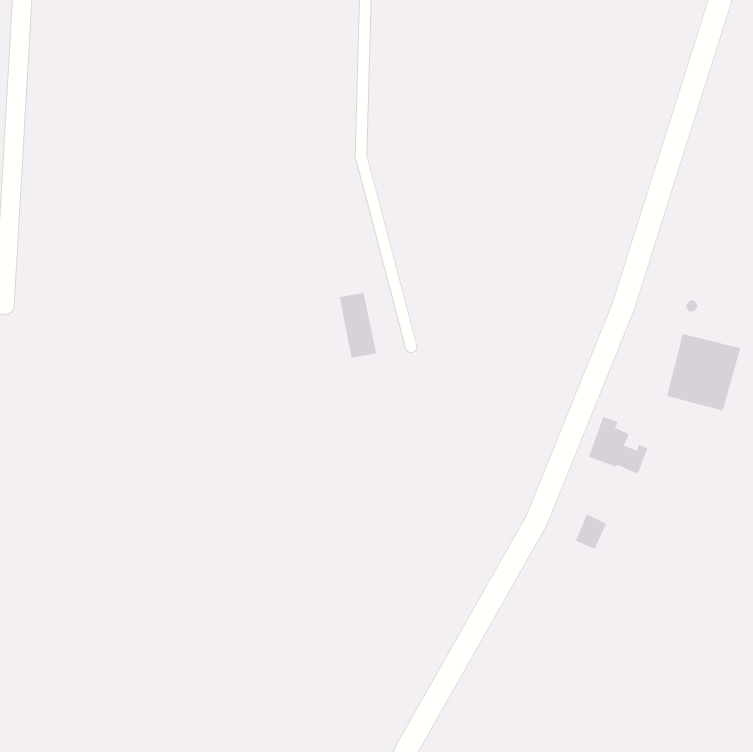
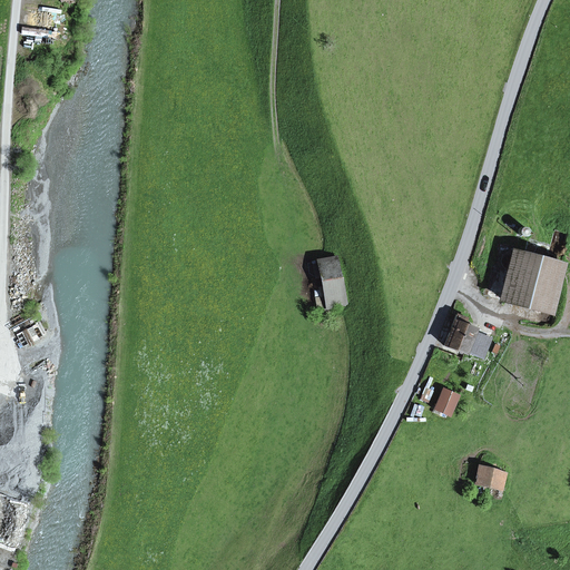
building: [339,292,377,358] -> [318,257,347,307]
building: none -> [474,464,505,497]

